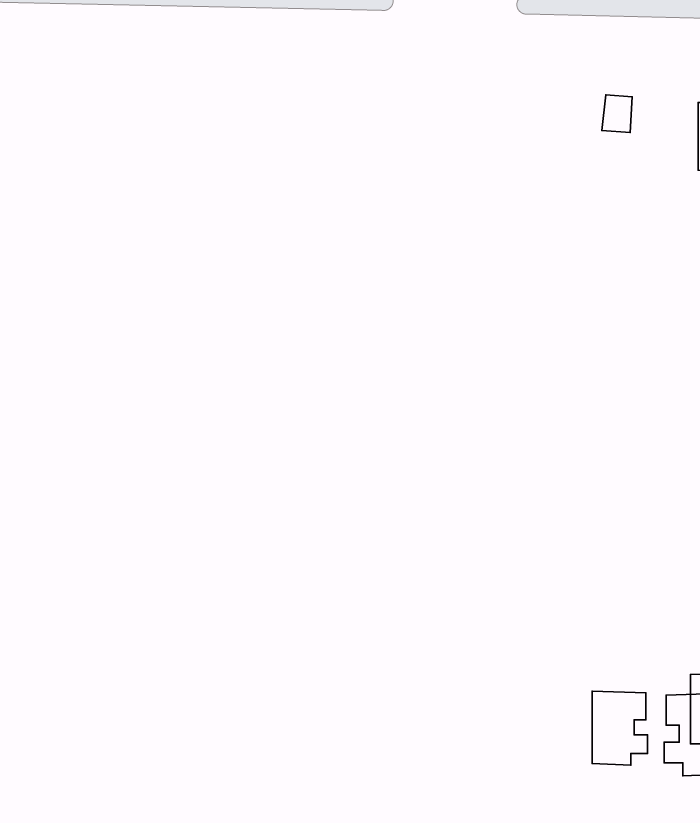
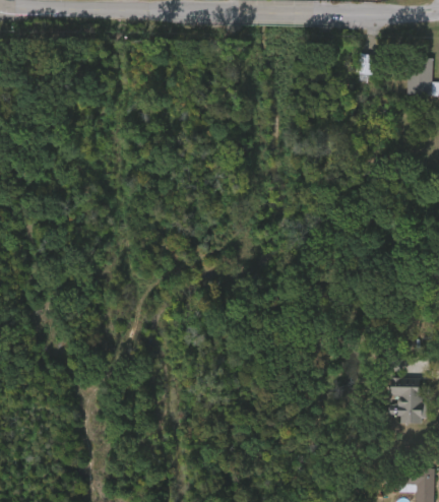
building: [592,691,647,765] -> none

